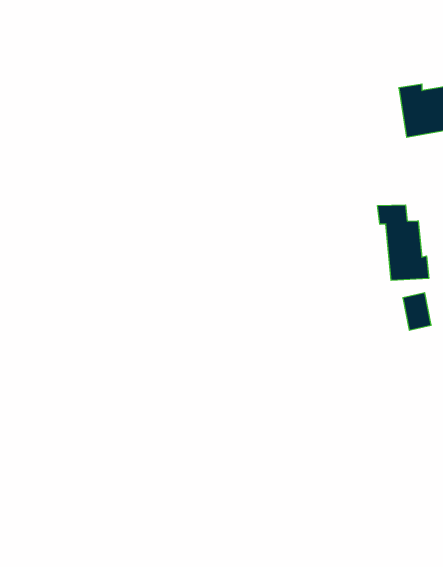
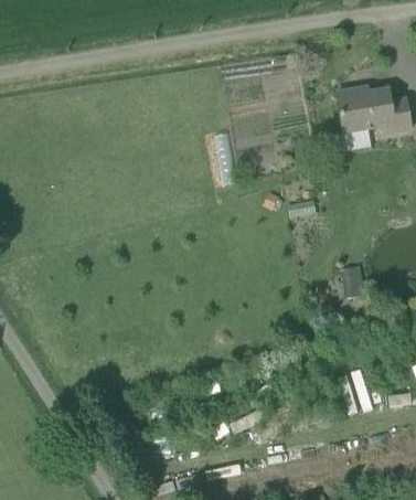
building: [378,205,429,280] -> none

